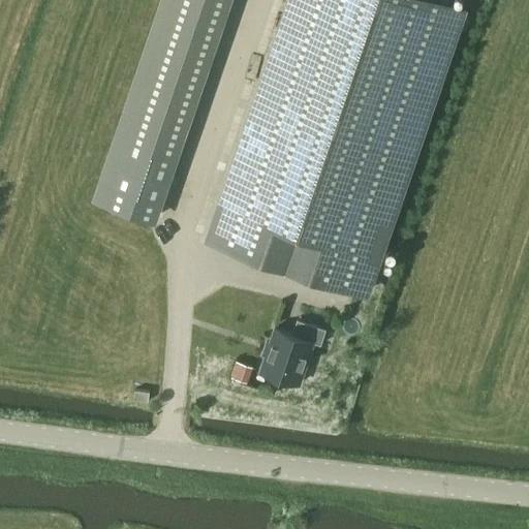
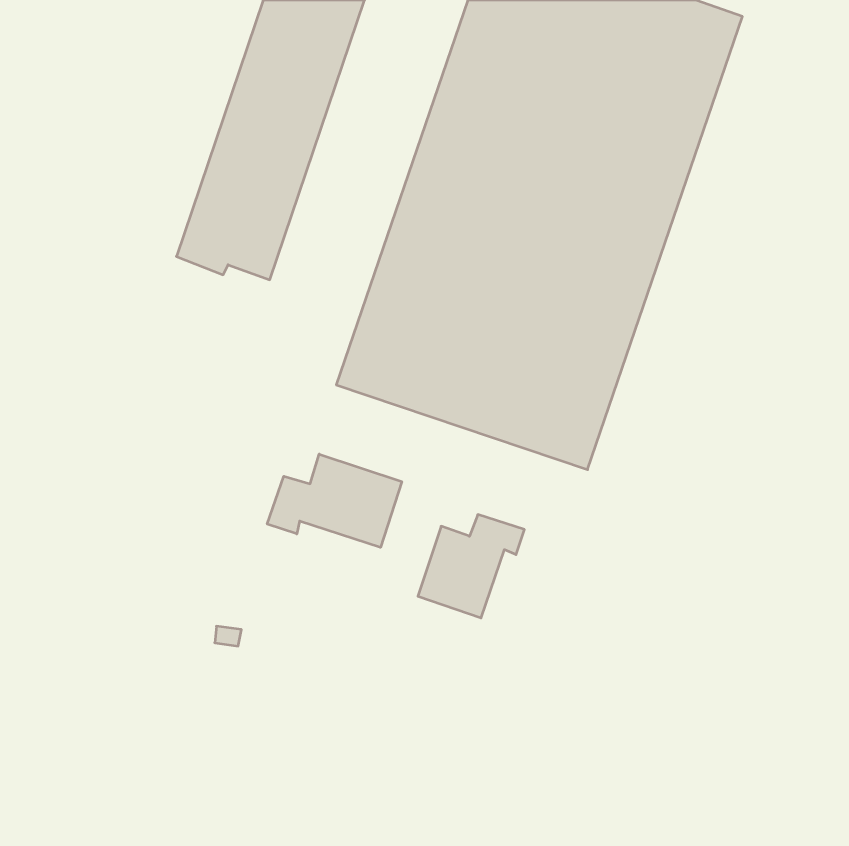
building: [97,162,168,222] -> none
building: none -> [267,454,402,547]

